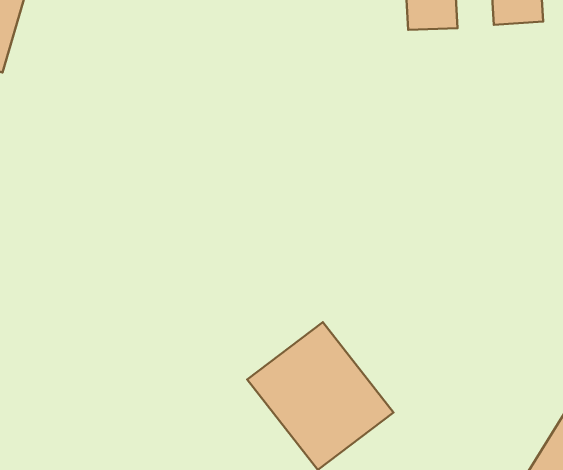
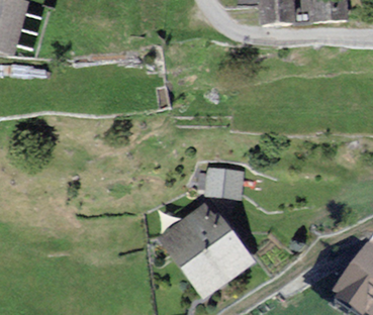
building: none -> [206,169,240,195]

